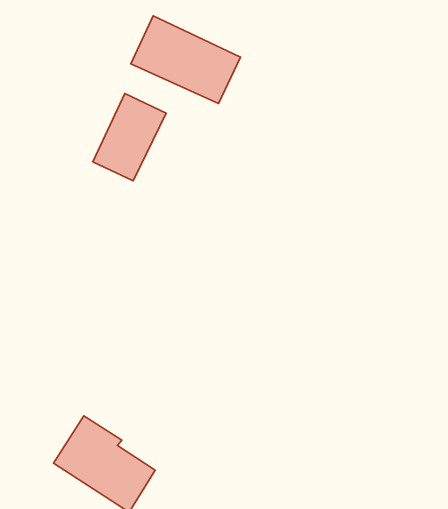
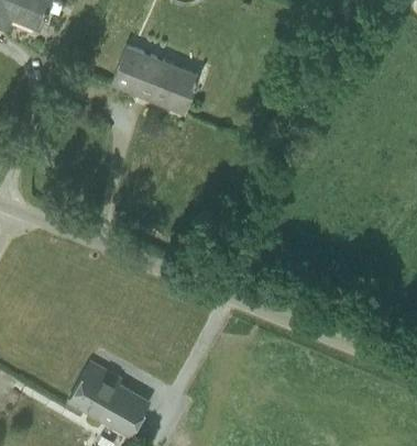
building: [93,93,166,181] -> none

